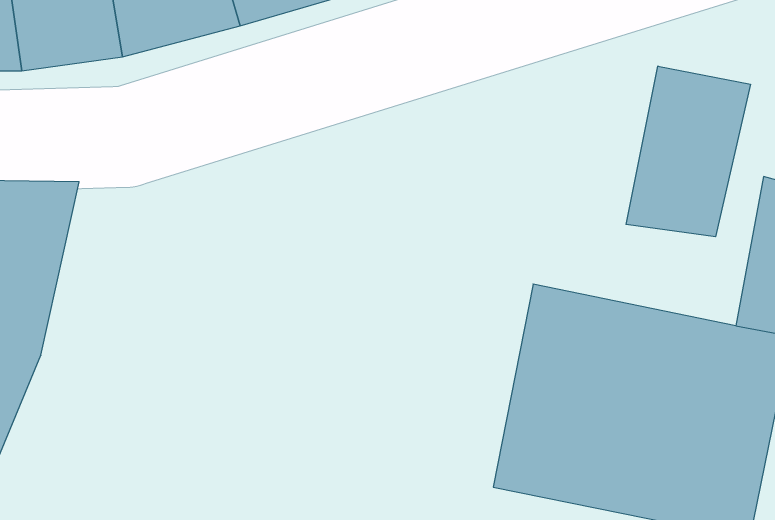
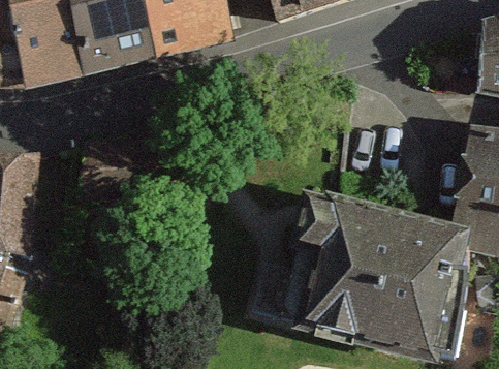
building: [626,66,750,237] -> none

